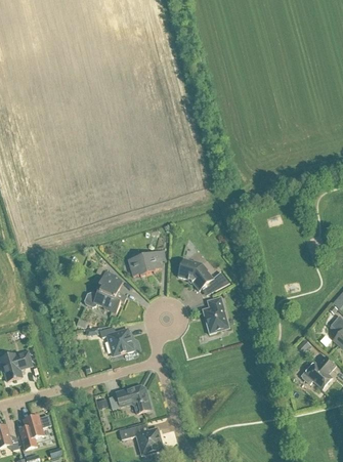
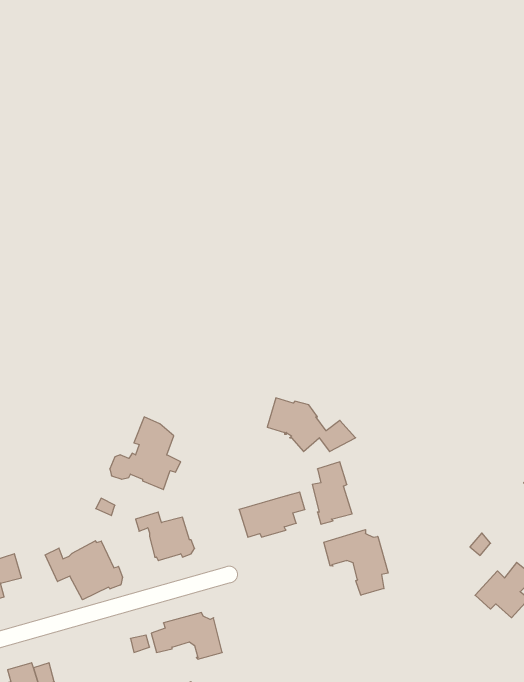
building: [127,249,166,276] -> [239,492,305,537]
building: none -> [324,530,388,595]
building: none -> [45,541,122,600]

